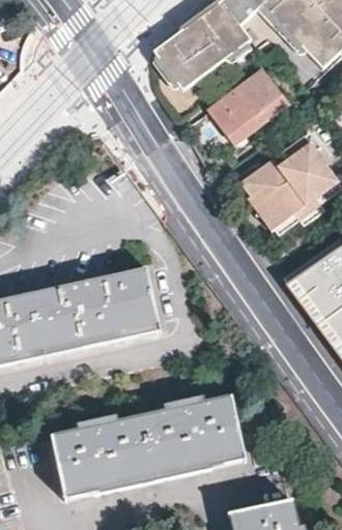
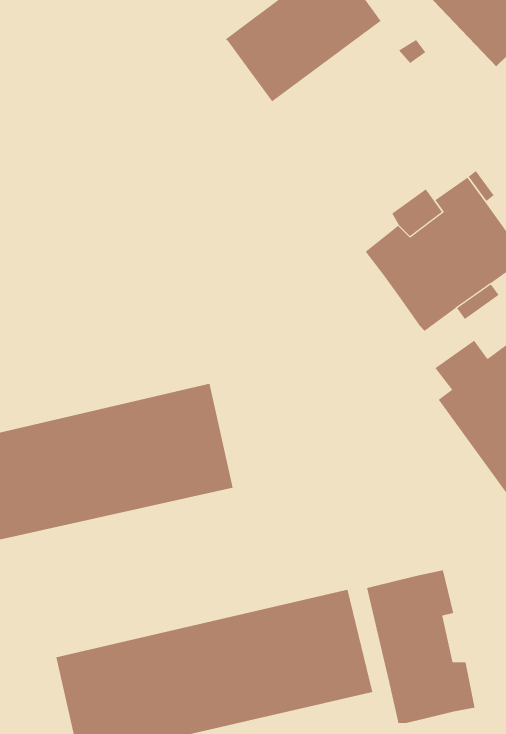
building: [207,71,287,144] -> none
building: none -> [367,569,475,724]

